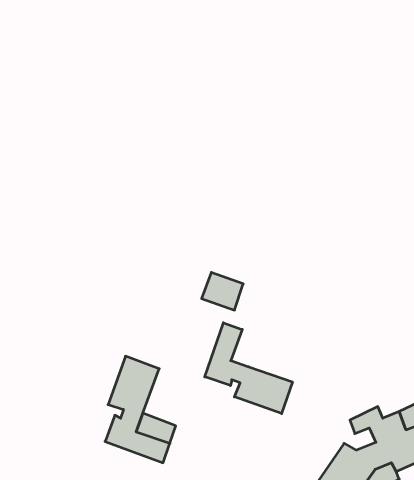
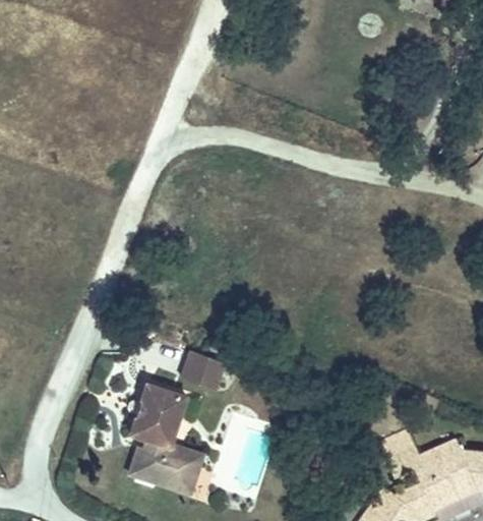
building: [202,272,243,310] -> [186,354,230,394]
building: [205,323,292,414] -> none

